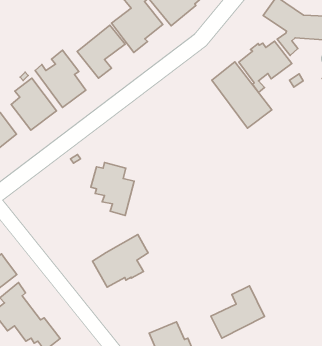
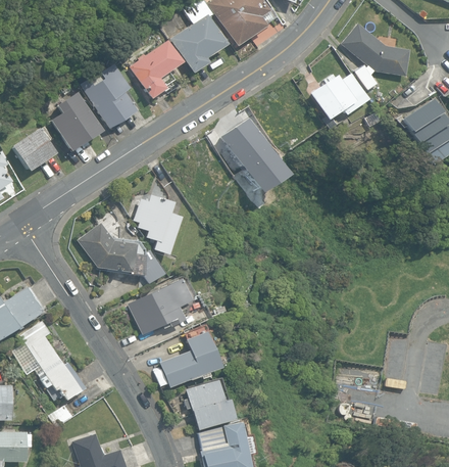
building: [212,62,272,128] -> [220,119,285,194]
building: none -> [79,223,165,284]
building: [211,286,265,338] -> [160,331,220,387]

